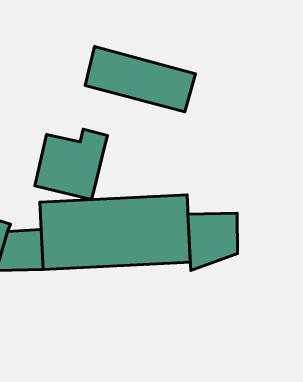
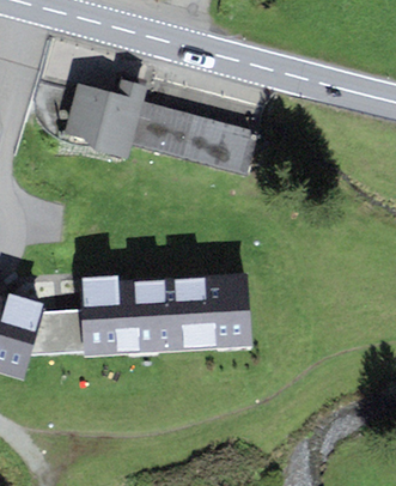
building: [35,129,107,200] -> [63,79,146,159]
building: [188,213,237,271] -> none

